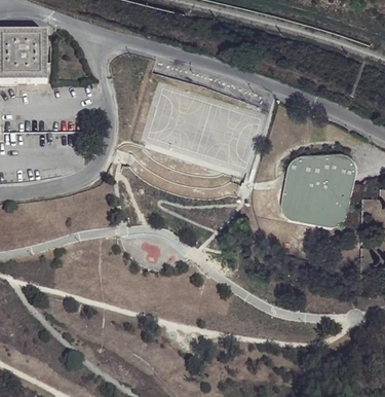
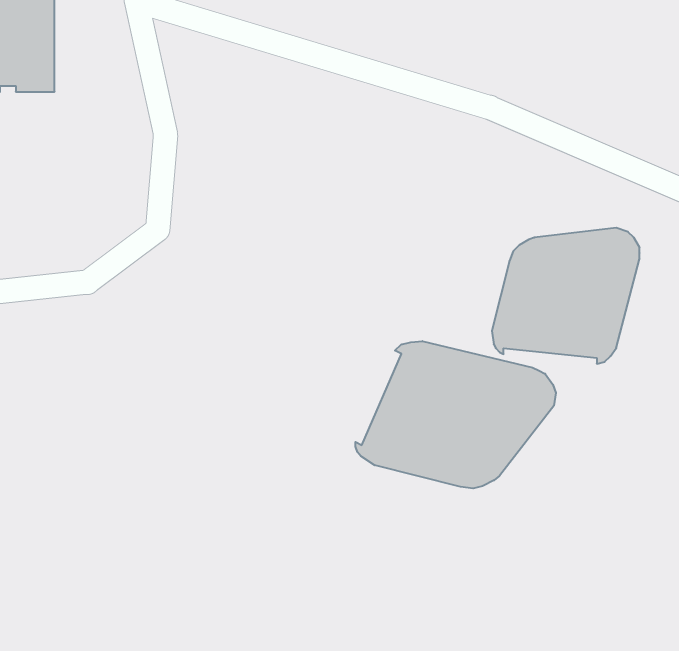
building: none -> [355,341,556,488]

